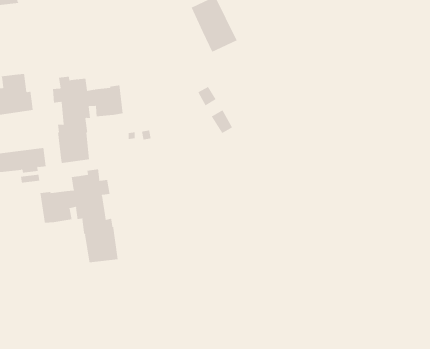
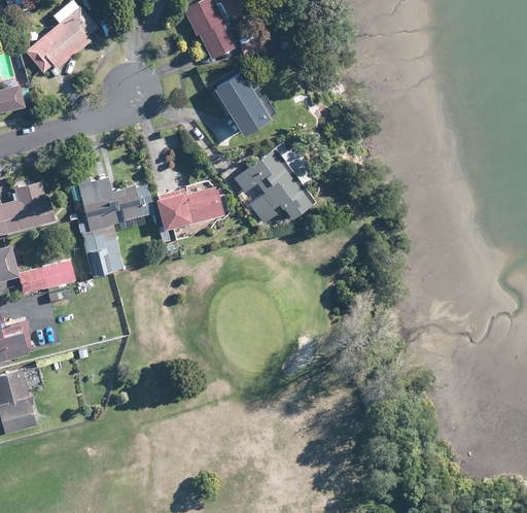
building: none -> [246,151,310,219]
building: none -> [153,186,223,231]
building: [40,169,118,263] -> none

